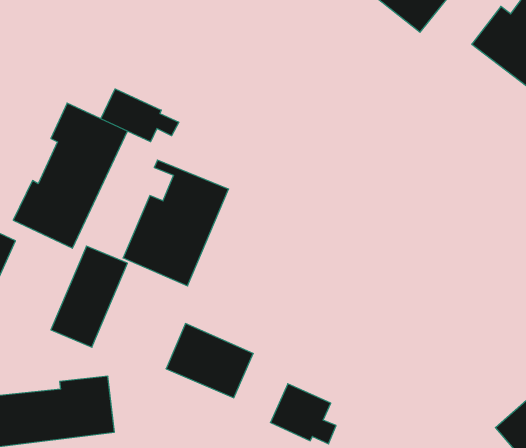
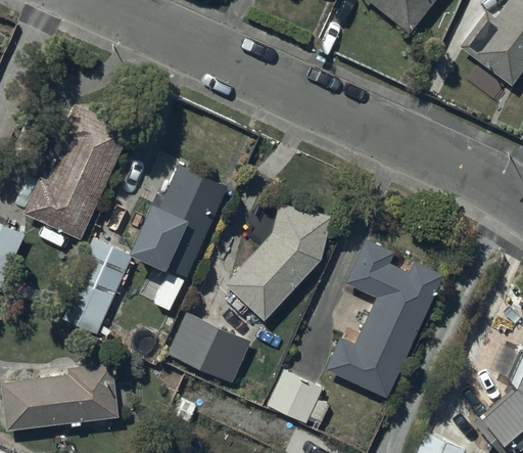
building: [101,89,179,142] -> none
building: none -> [224,205,332,323]
building: none -> [324,240,443,399]

